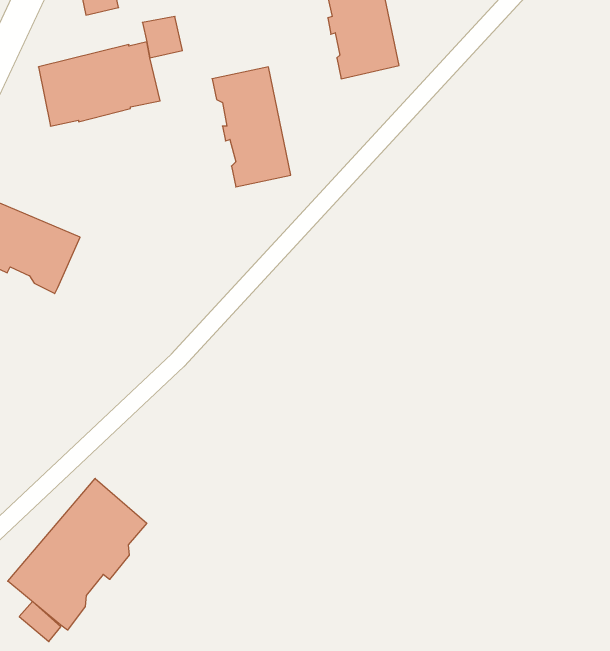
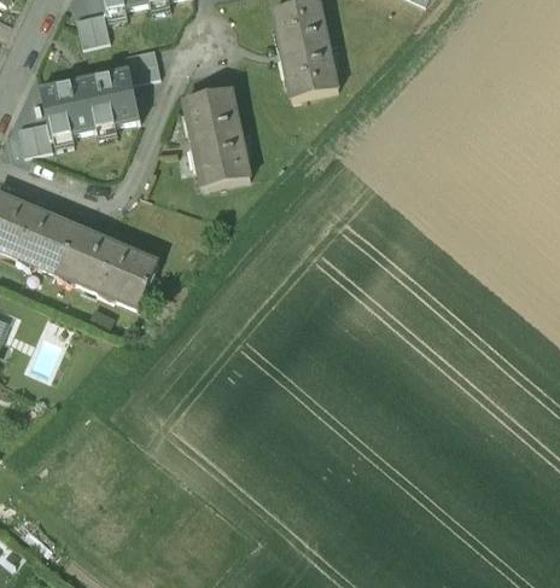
building: none -> [18,120,51,153]
building: none -> [58,226,157,305]
building: [8,478,147,630] -> none

